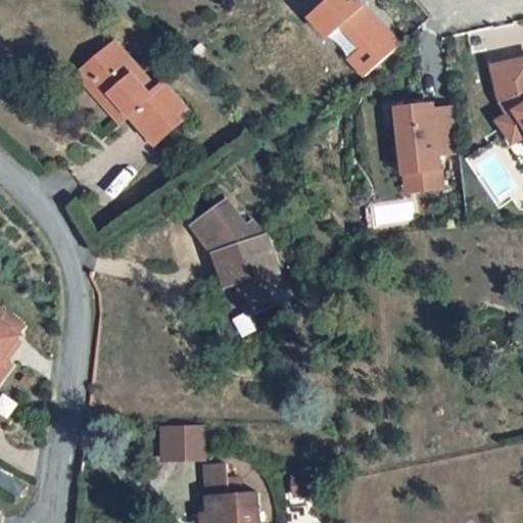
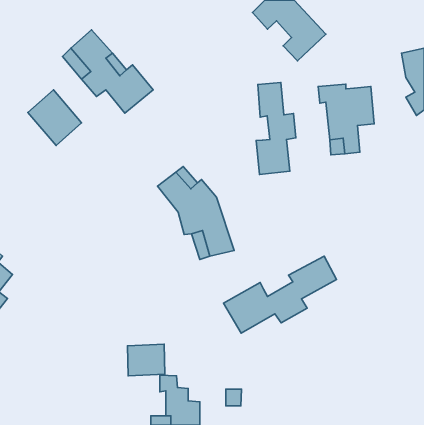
building: none -> [256,83,296,175]
building: none -> [28,90,82,145]
building: none -> [223,256,336,333]

